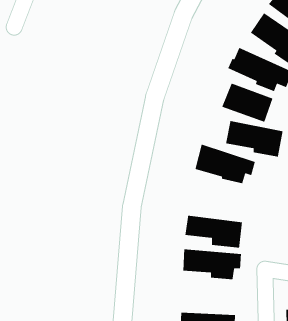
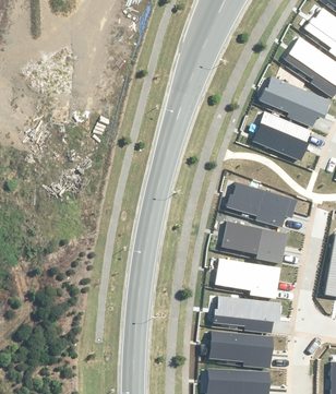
building: [225,120,283,158] -> [219,222,284,263]
building: none -> [209,331,273,369]

